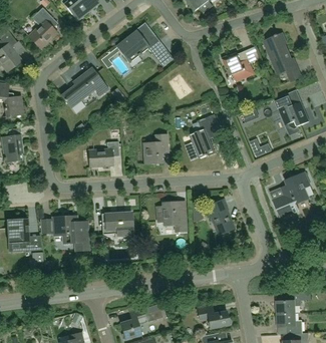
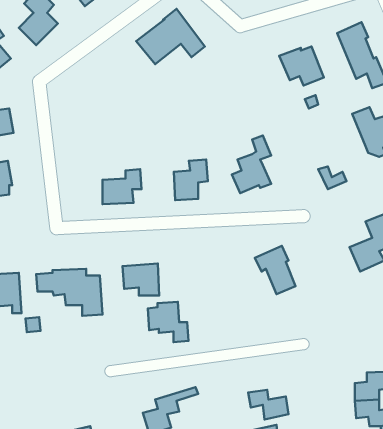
building: [60,67,107,107] -> none
building: [155,202,186,232] -> [148,302,188,342]

